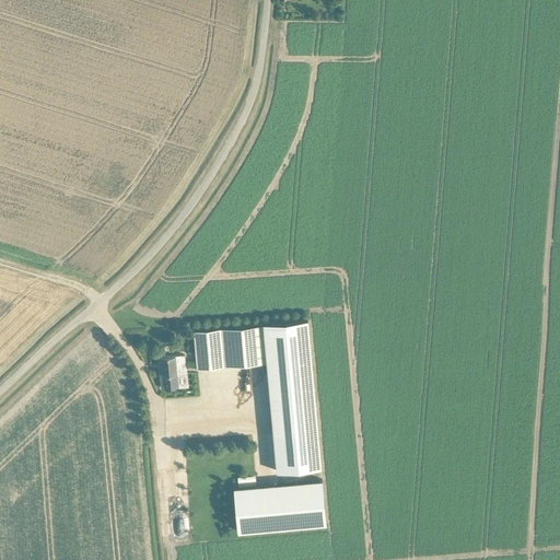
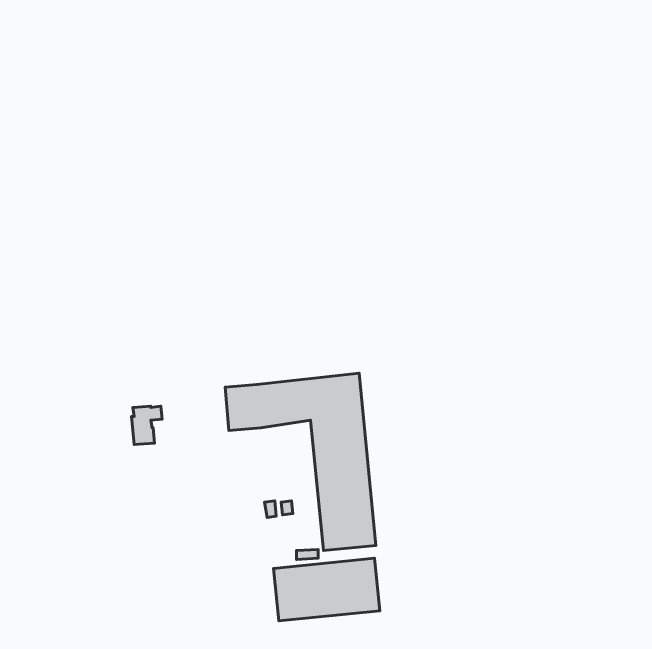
building: [159,358,185,390] -> [132,406,162,445]

